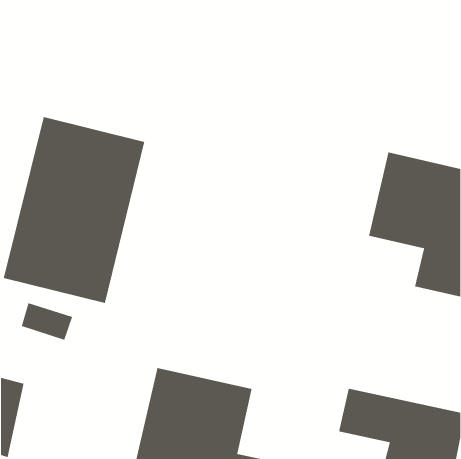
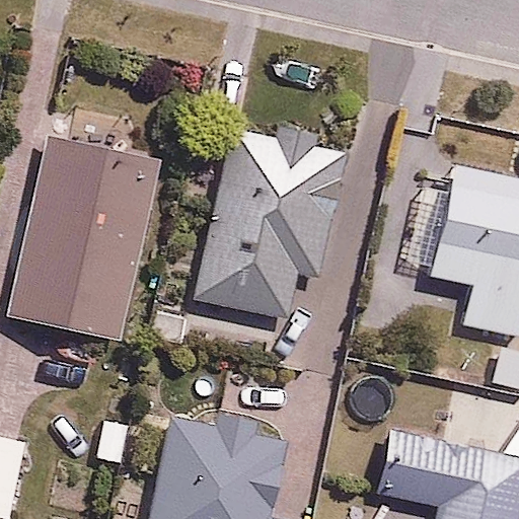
building: none -> [198,122,350,316]

